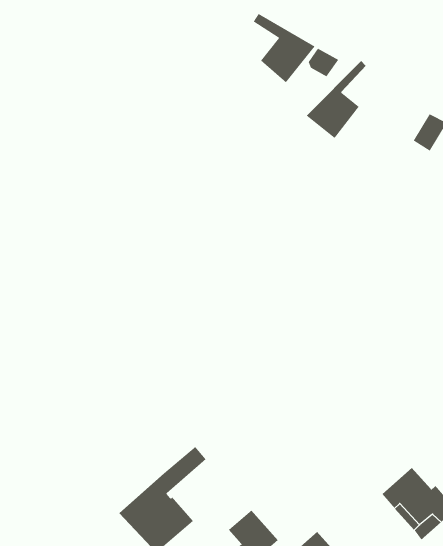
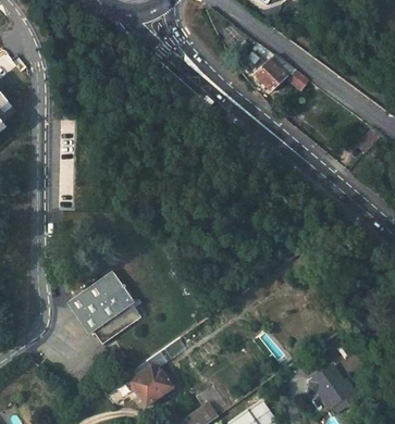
building: [306,60,366,139] -> none
building: none -> [67,270,139,342]

